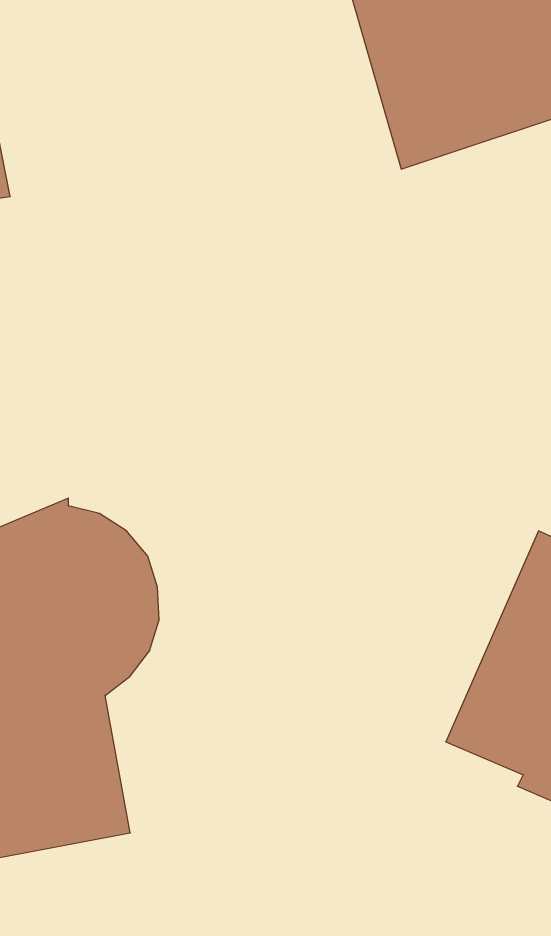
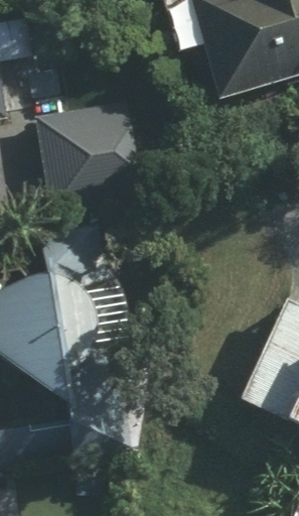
building: none -> [39,93,153,201]

